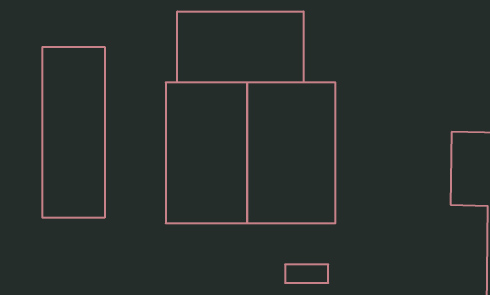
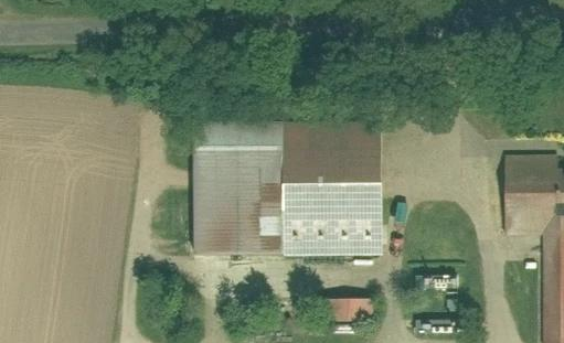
building: [177,11,304,82] -> none
building: [42,47,105,218] -> none

